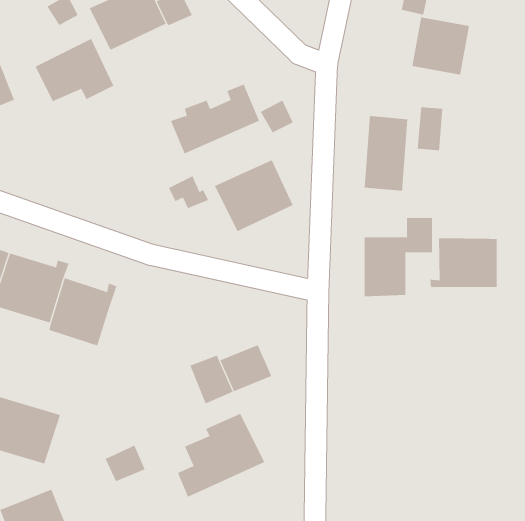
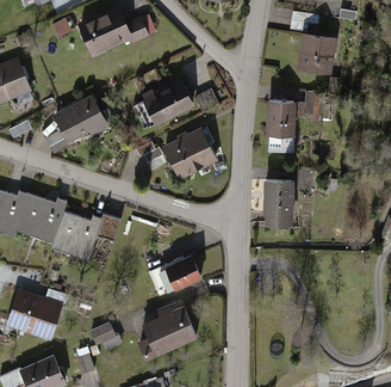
building: [35,38,114,102] -> [54,94,107,137]
building: [430,238,497,288] -> none
building: none -> [92,210,119,239]

